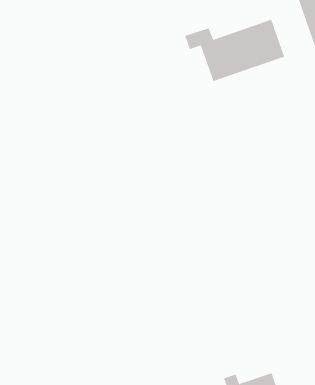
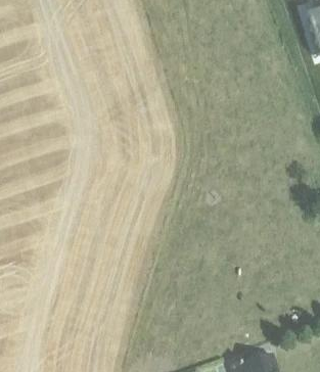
building: [185,19,285,82] -> none

